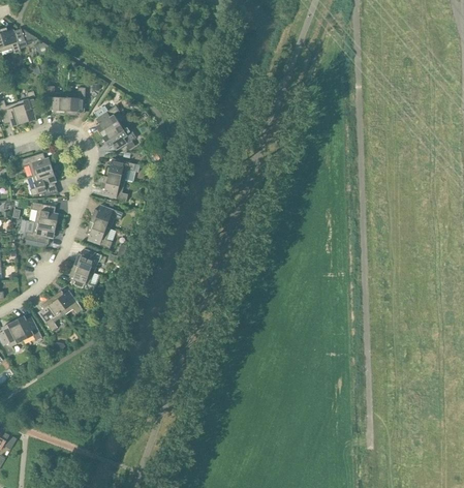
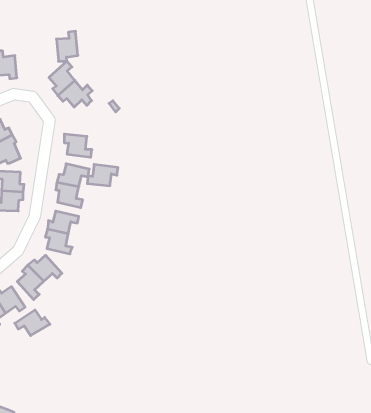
building: [64,88,85,116] -> [56,31,78,61]
building: [102,158,134,181] -> [87,164,118,186]
building: none -> [15,310,50,336]

